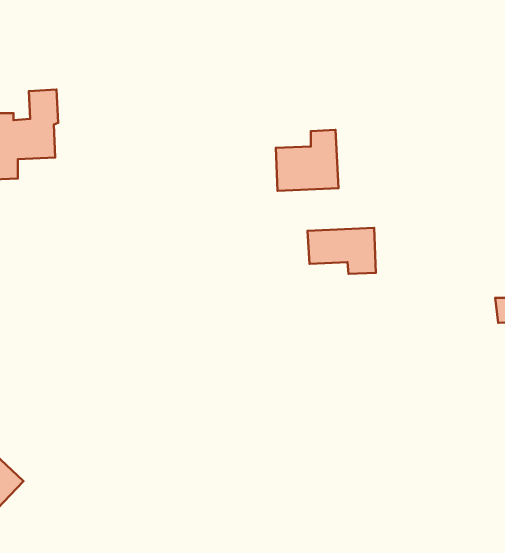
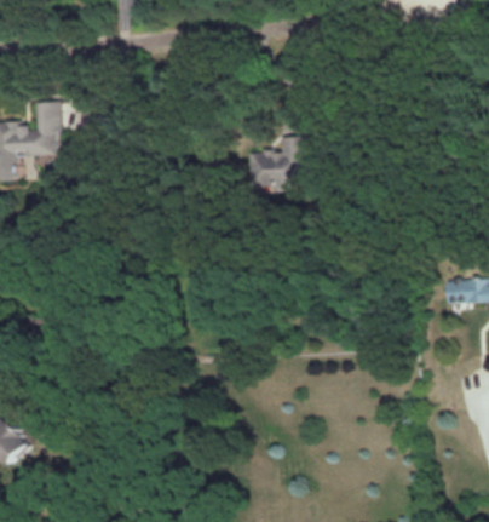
building: [307,228,376,274] -> none

